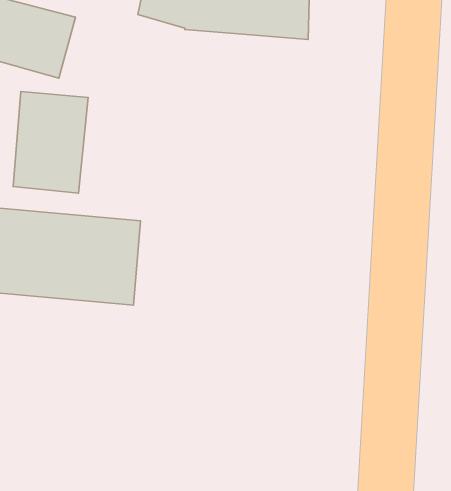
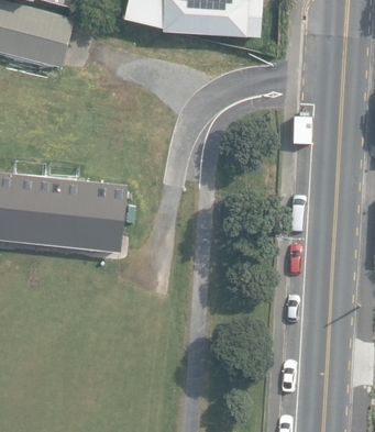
building: [13,92,88,193] -> none

